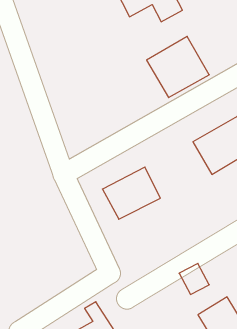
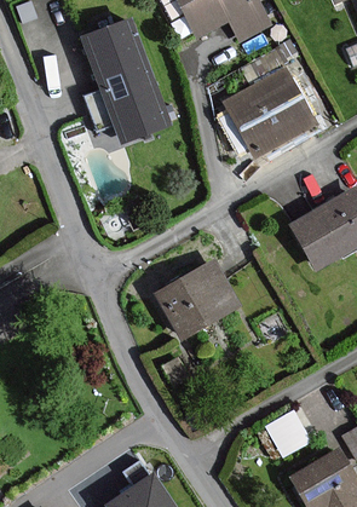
building: none -> [80,18,167,143]

